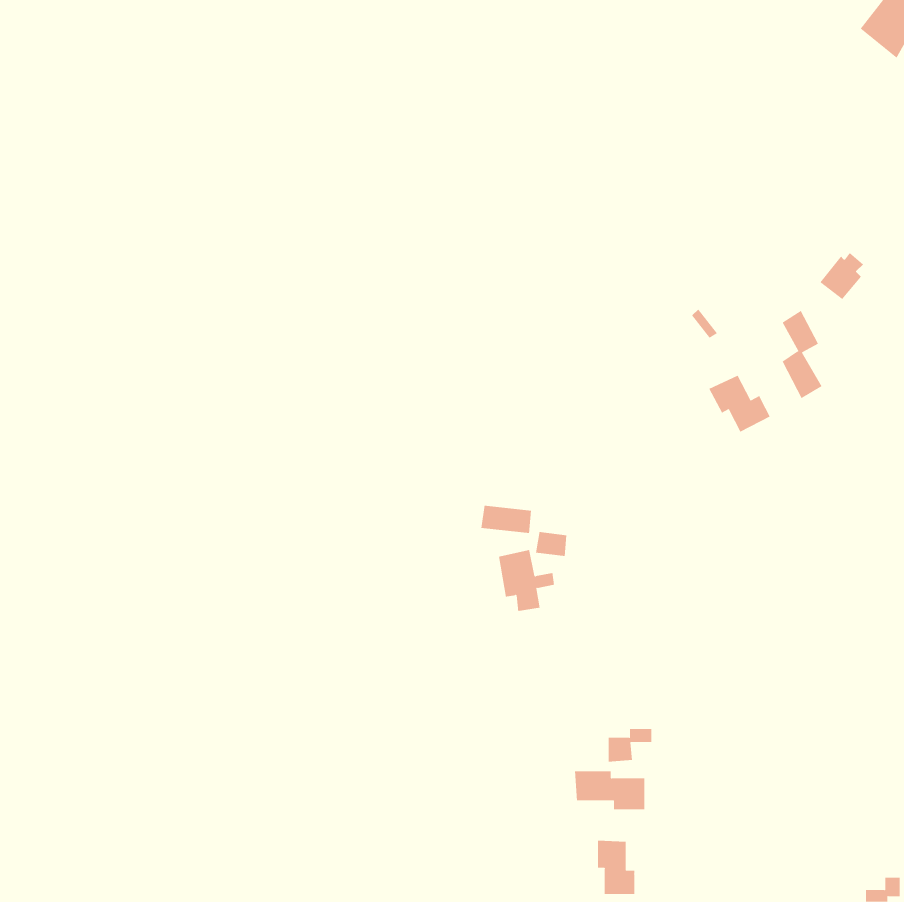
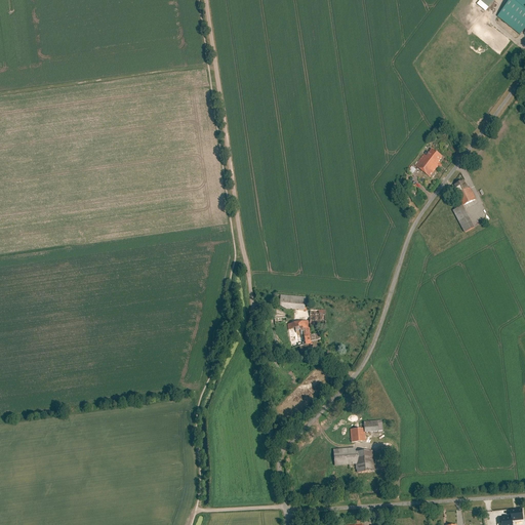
building: [819,252,864,300] -> [416,149,442,176]
building: [709,375,771,433] -> none
building: [597,840,635,895] -> none

